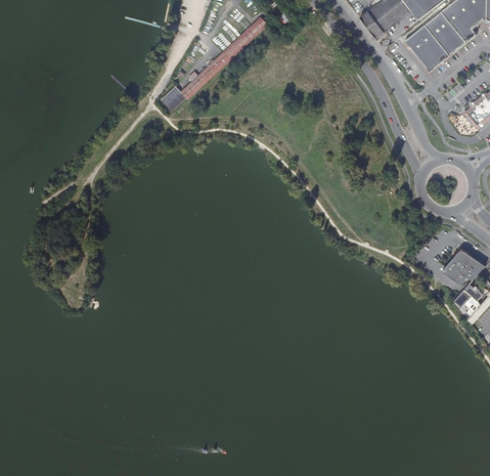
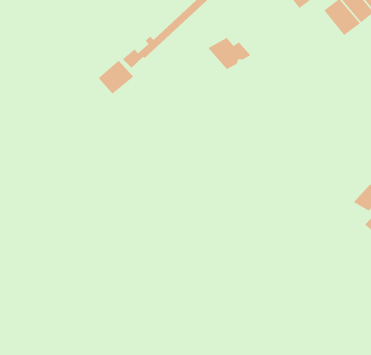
building: none -> [208,37,251,70]
building: none -> [98,60,134,95]

